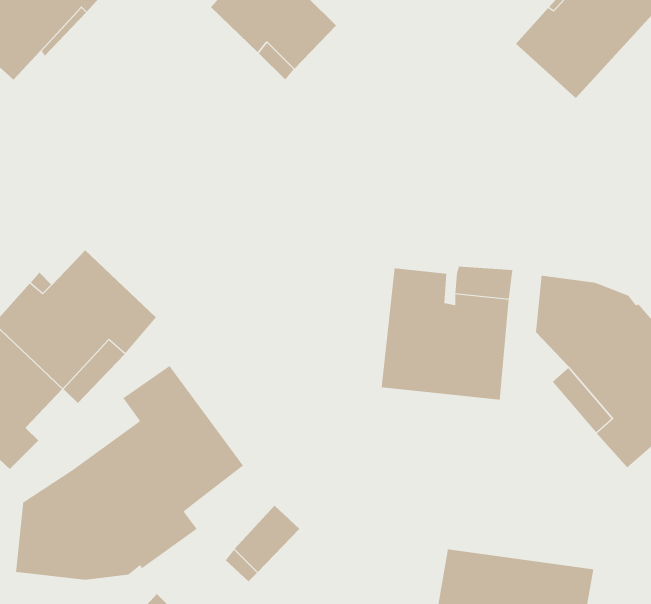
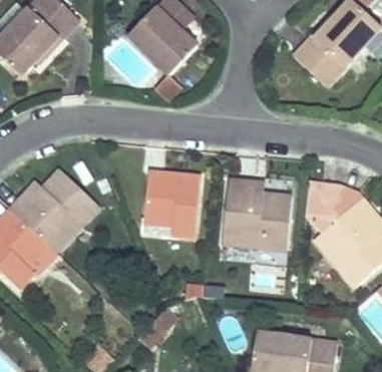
building: none -> [143,170,201,237]
building: [16,365,244,581] -> none

